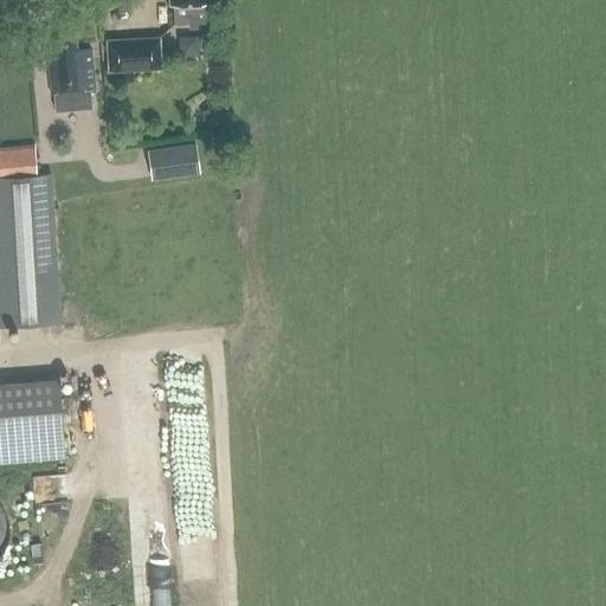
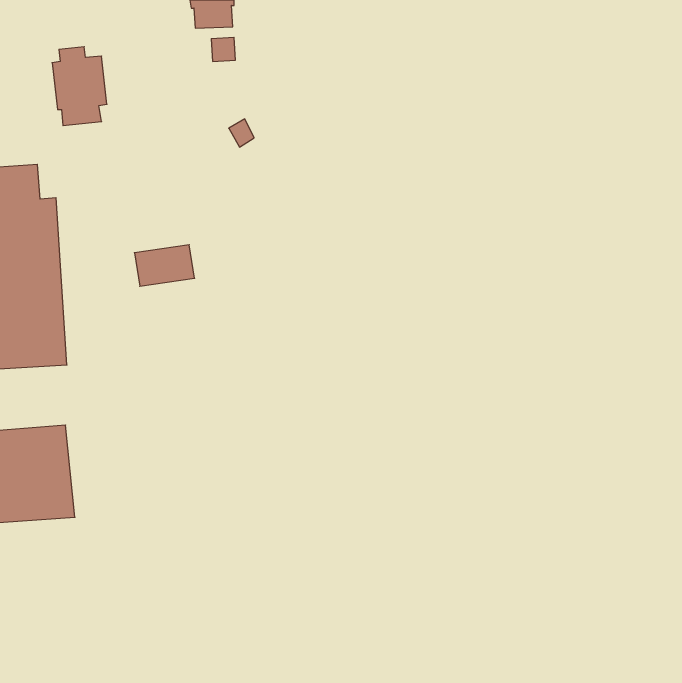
building: [104,38,162,75] -> none
building: [146,144,199,181] -> [134,245,195,286]

